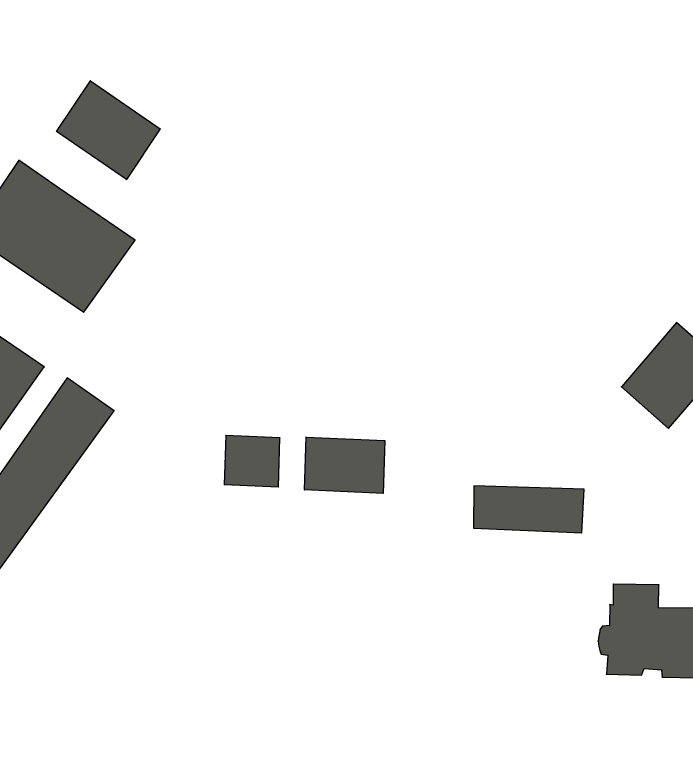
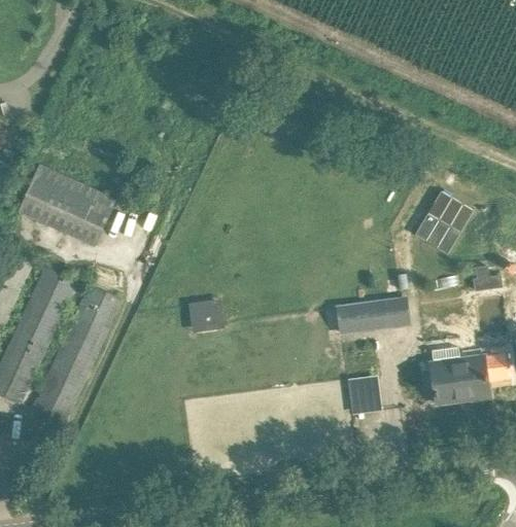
building: [57,81,160,180] -> none
building: [305,437,385,493] -> none
building: none -> [345,375,378,415]

